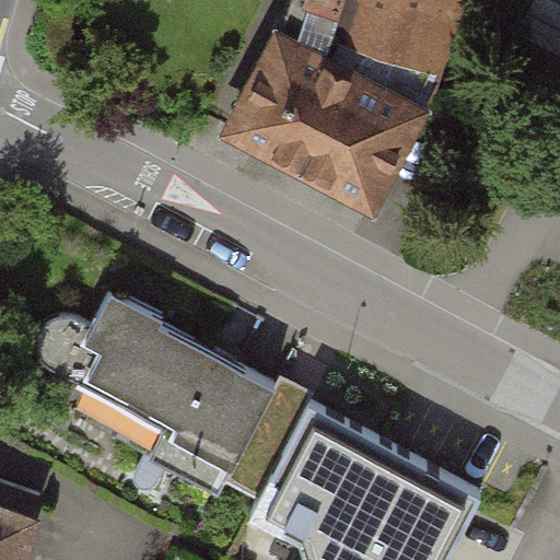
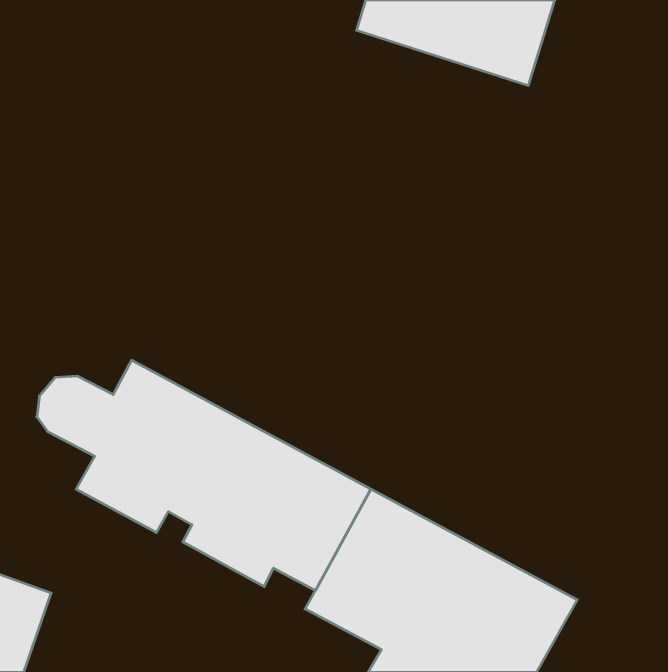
building: [228,28,425,201] -> none

